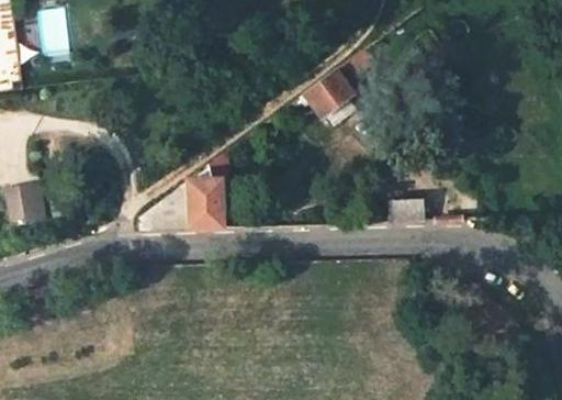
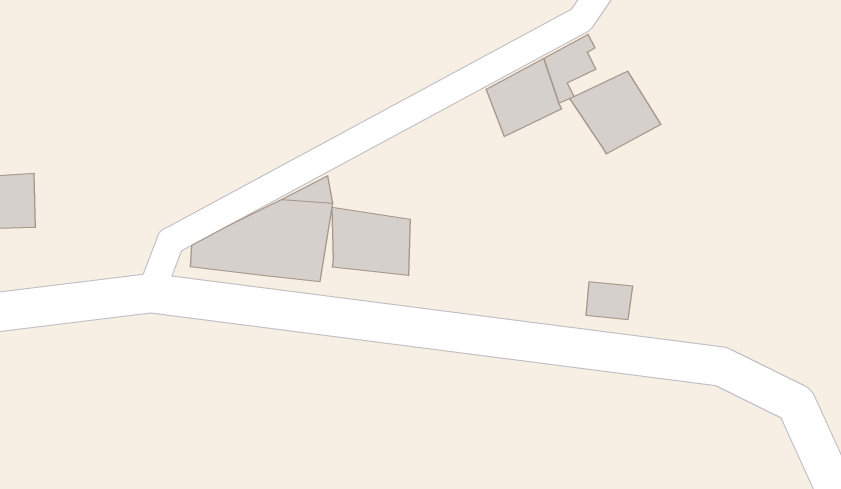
building: none -> [570,71,661,154]
building: none -> [332,207,410,276]

